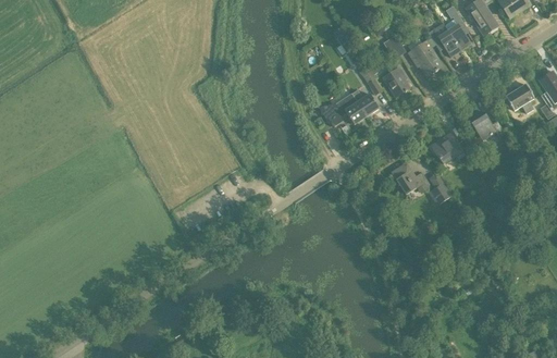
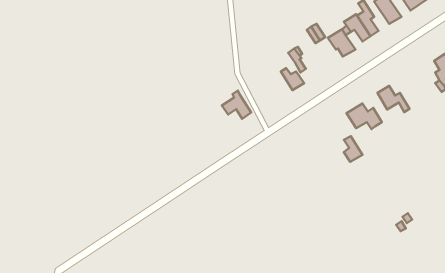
building: [383,66,411,97] -> none
building: [506,84,534,113] -> none
building: [330,89,366,124] -> [222,90,251,119]
building: [392,164,432,194] -> none

